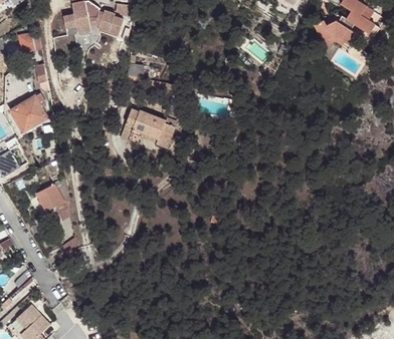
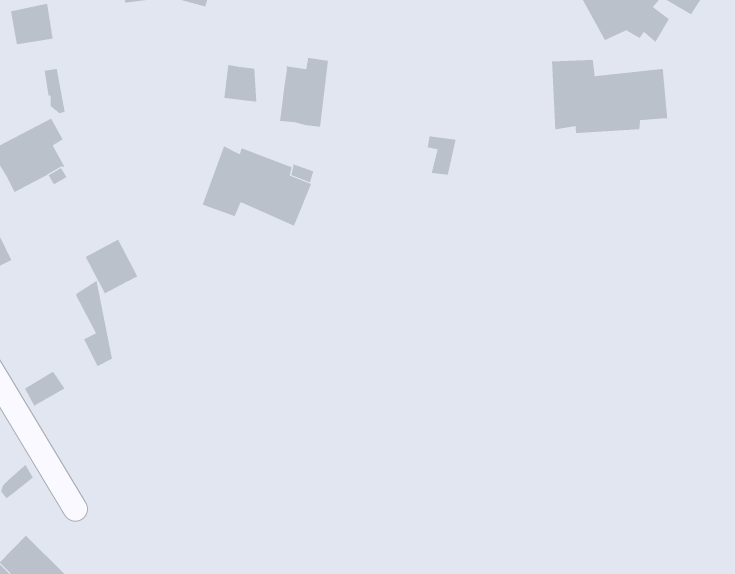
building: none -> [279,57,328,127]
building: none -> [551,59,668,134]
building: [37,182,64,210] -> [85,239,138,294]

